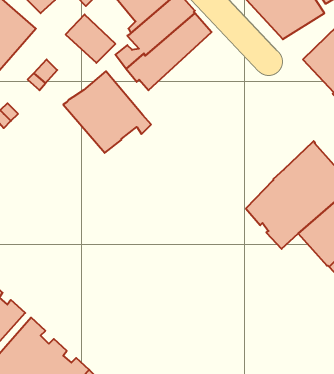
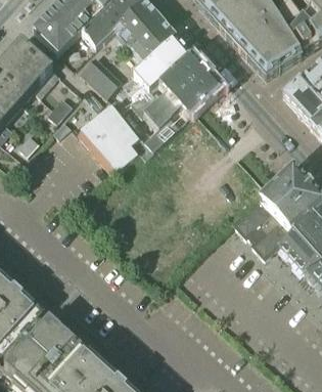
building: none -> [146,67,221,146]

